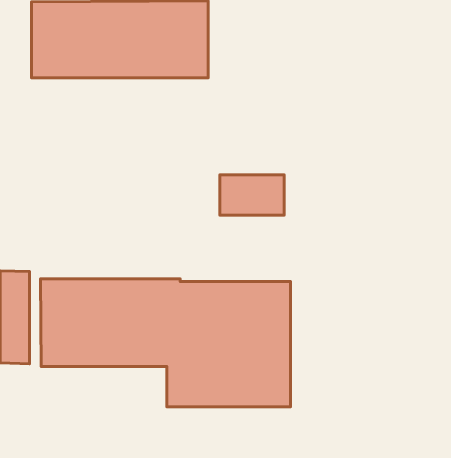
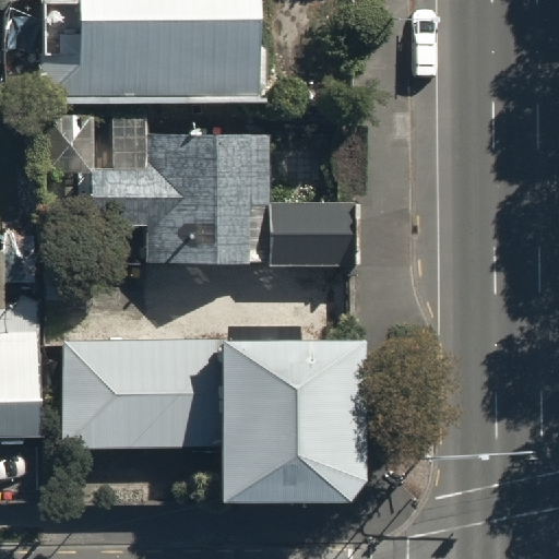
building: none -> [100,136,258,261]

